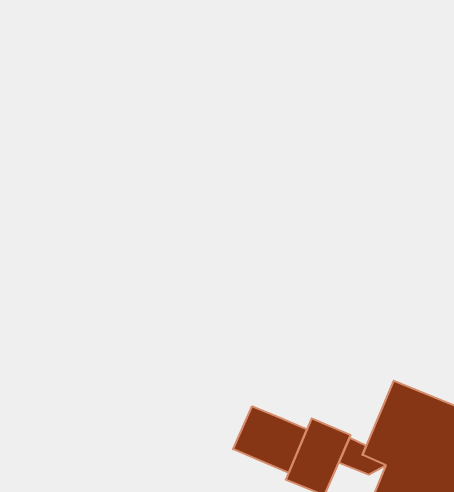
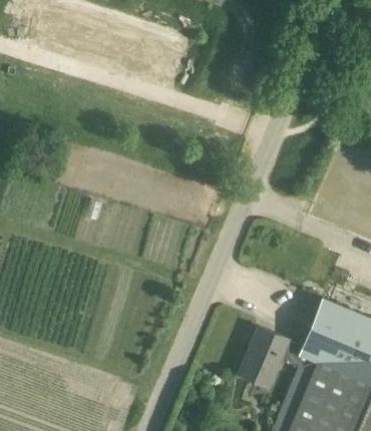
building: [233,406,307,473] -> none

